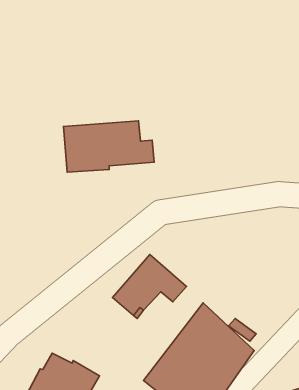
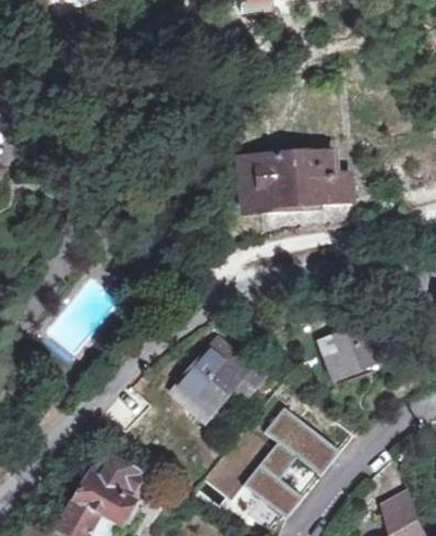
building: [64,121,154,172] -> [241,150,349,211]
building: none -> [323,322,379,370]

